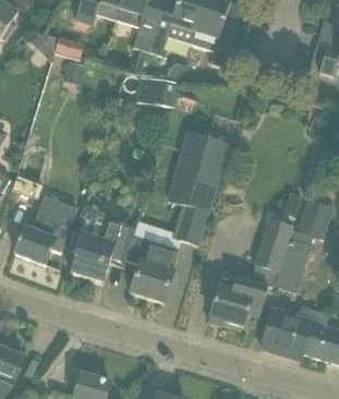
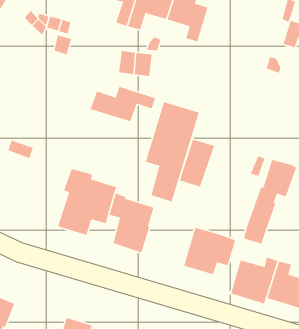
building: none -> [89,86,156,122]
building: [13,196,76,265] -> none
building: [254,219,294,274] -> [179,138,215,188]

